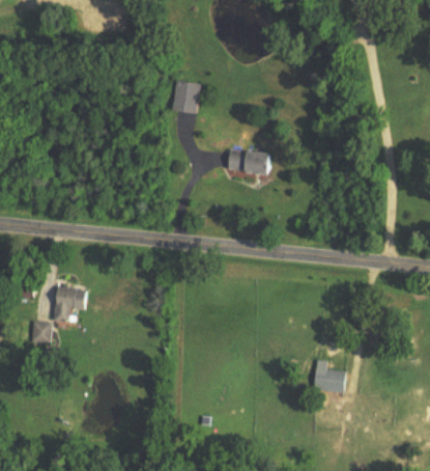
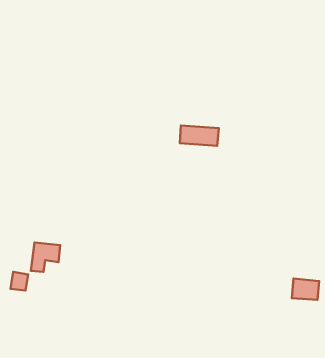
building: [175,79,202,114] -> none
building: [312,368,344,393] -> [292,279,319,300]

